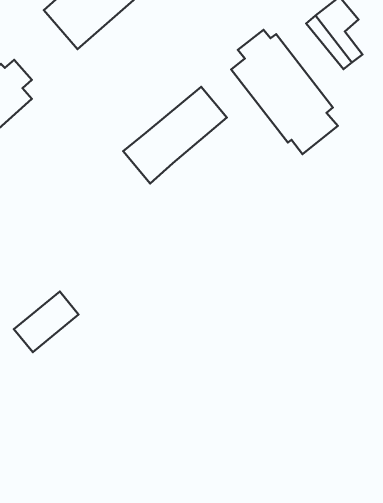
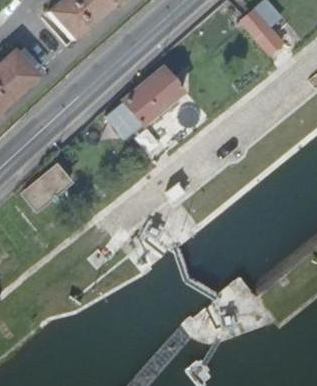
building: [231,30,338,154] -> none
building: [14,292,78,352] -> [25,166,73,211]

